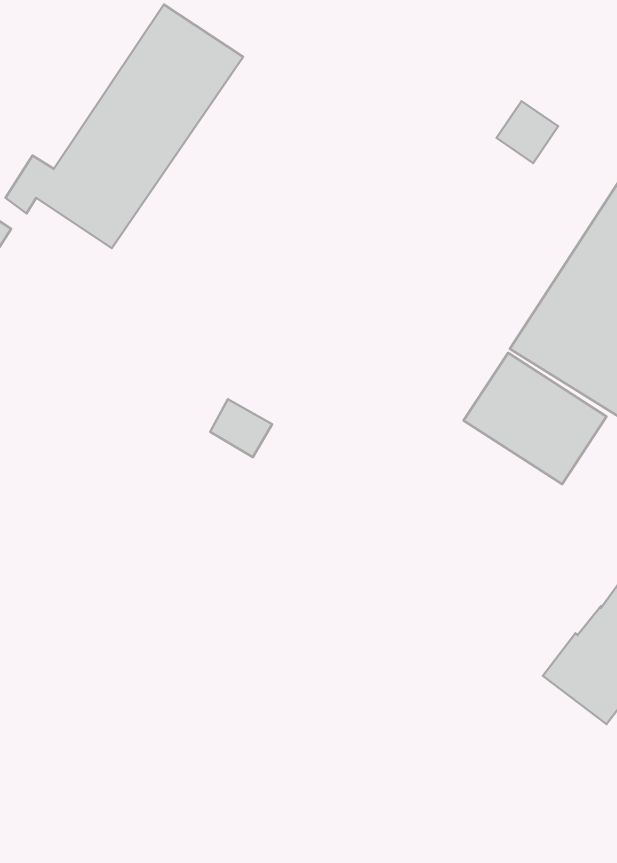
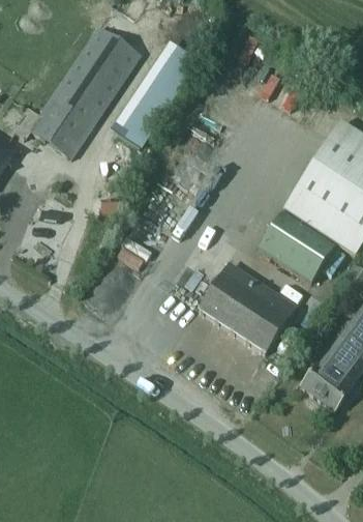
building: none -> [124,44,204,150]
building: none -> [198,262,296,353]

